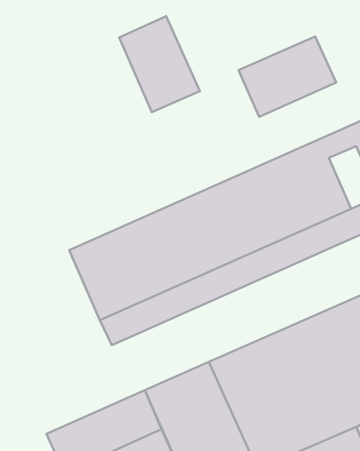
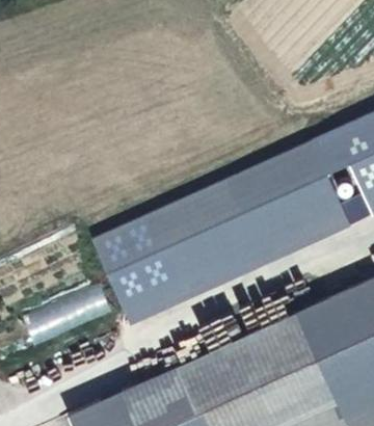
building: [119,16,200,112] -> none
building: [238,36,336,117] -> none

